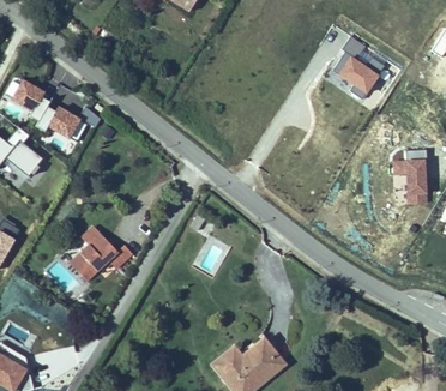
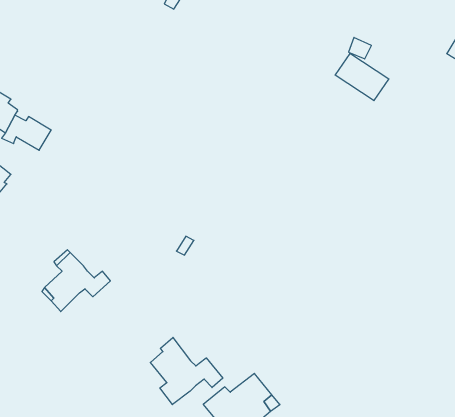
building: [394,150,428,204] -> none
building: none -> [150,337,223,405]

